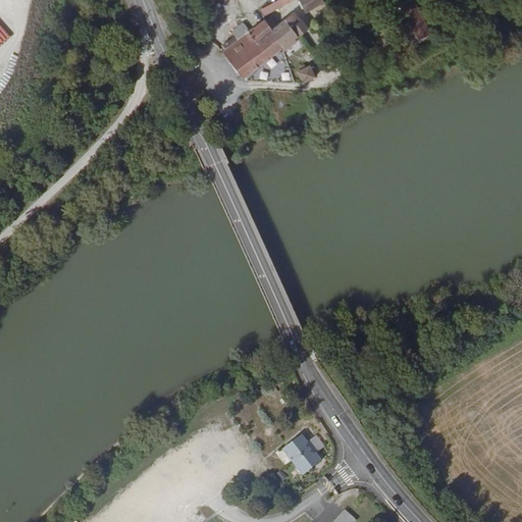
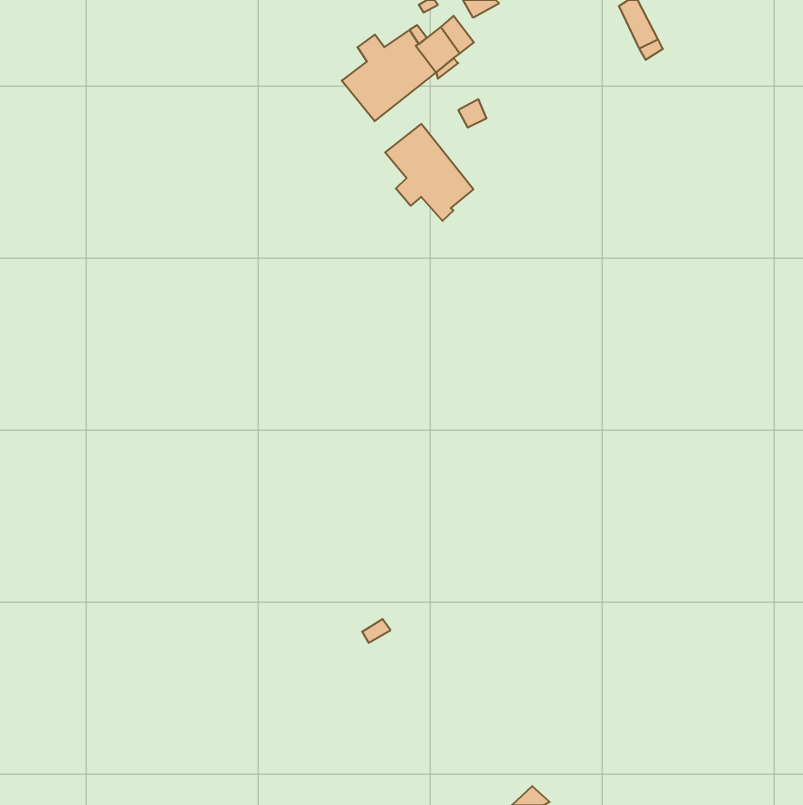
building: none -> [385,124,473,221]
building: [282,433,321,474] -> none

